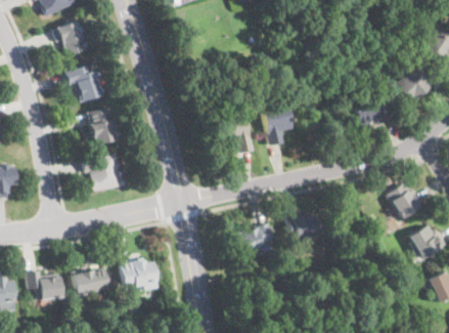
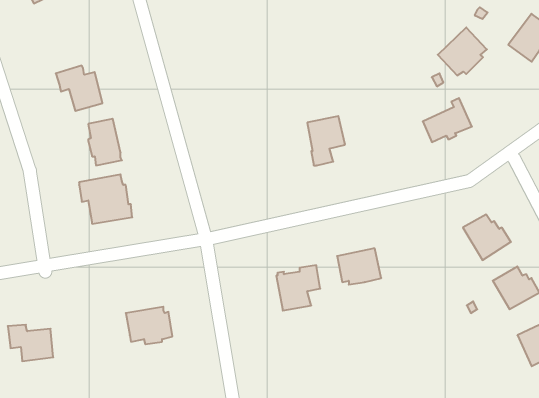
building: [53,20,85,55] -> none
building: [395,64,434,101] -> [438,27,487,75]
building: [222,116,252,152] -> none
building: [74,268,109,295] -> none

